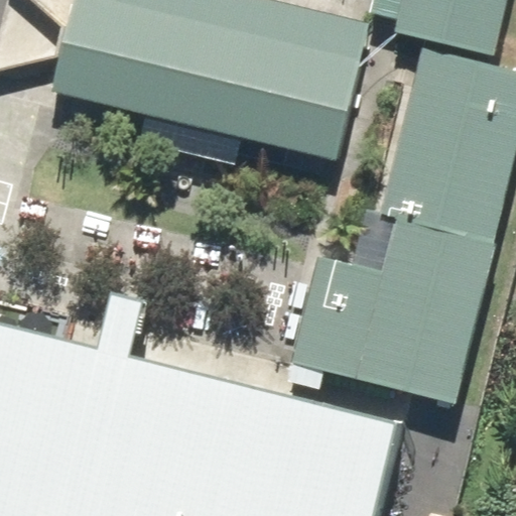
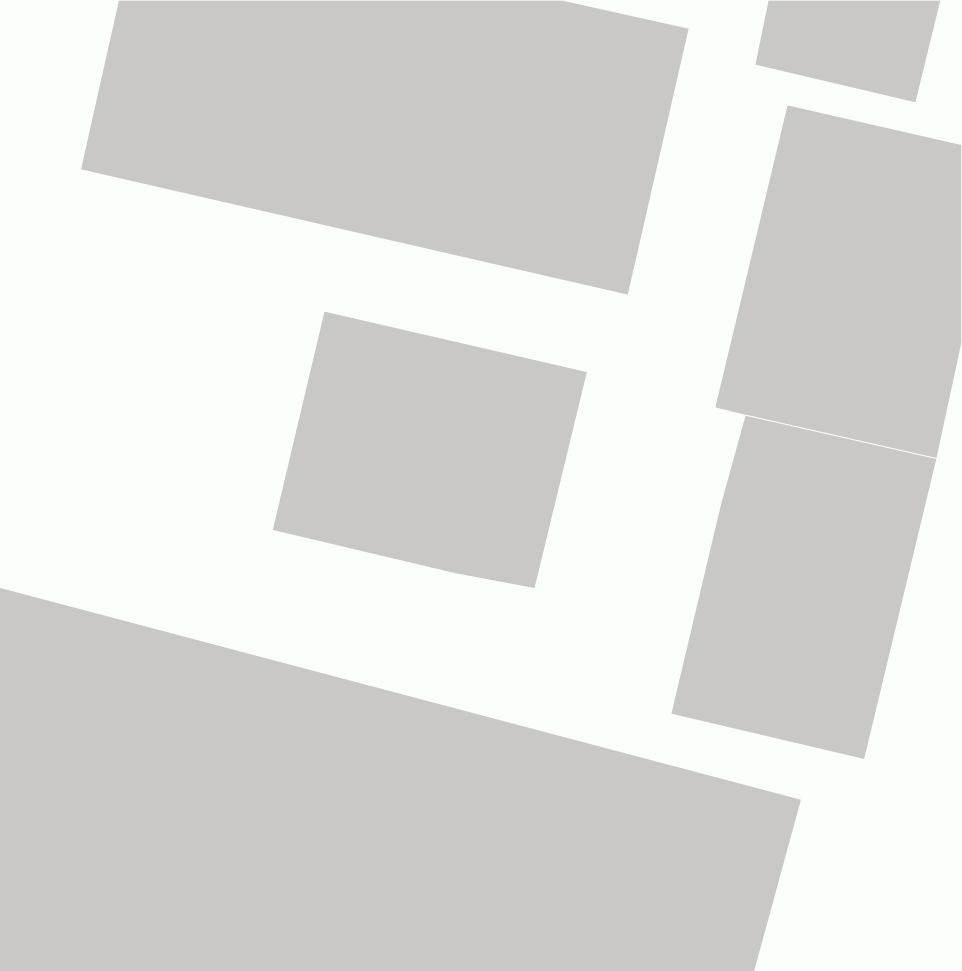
building: none -> [272,311,588,589]
building: [288,252,381,379] -> none

